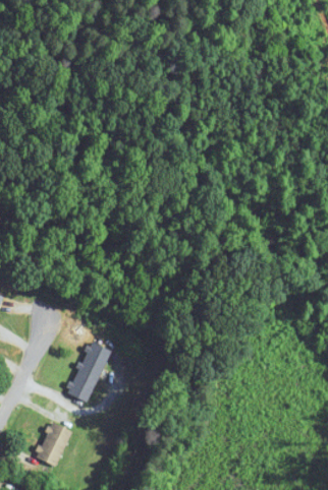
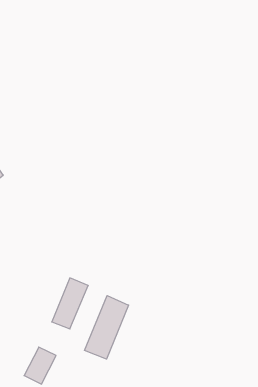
building: none -> [84,296,129,359]

